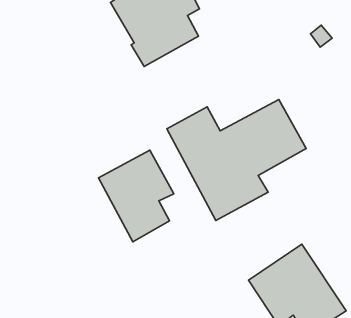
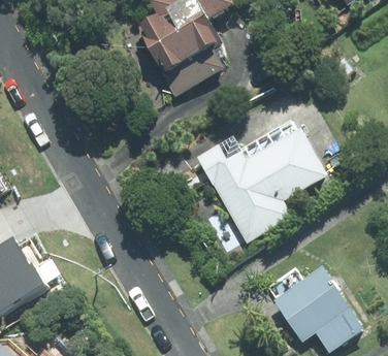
building: [98,150,174,242] -> none

